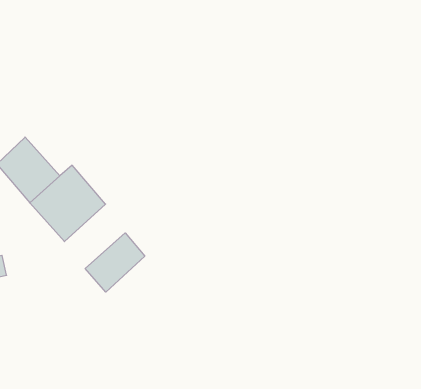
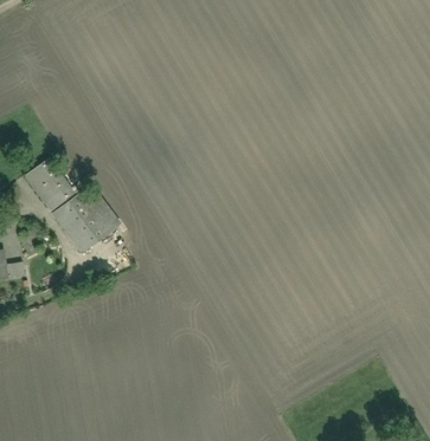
building: [85,233,145,292] -> none

